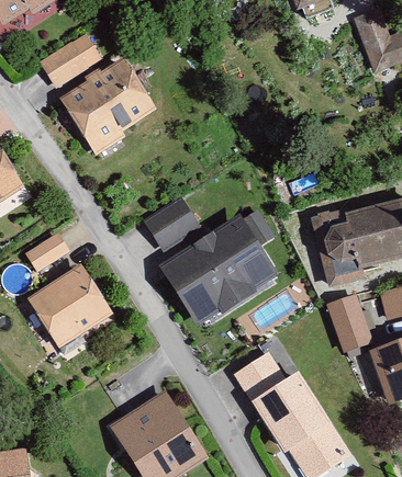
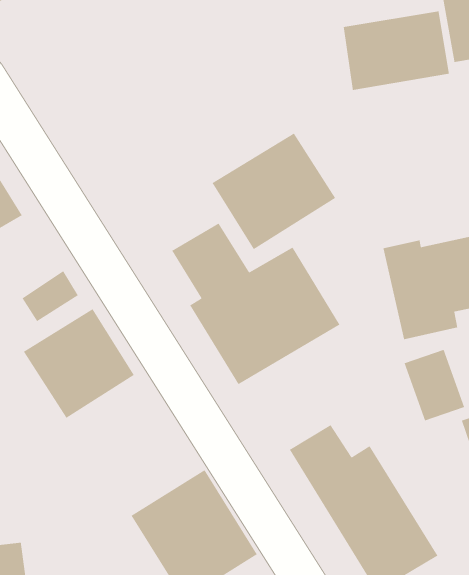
building: none -> [343,10,450,91]
building: [40,34,101,87] -> none
building: [59,59,157,151] -> [211,132,336,250]

